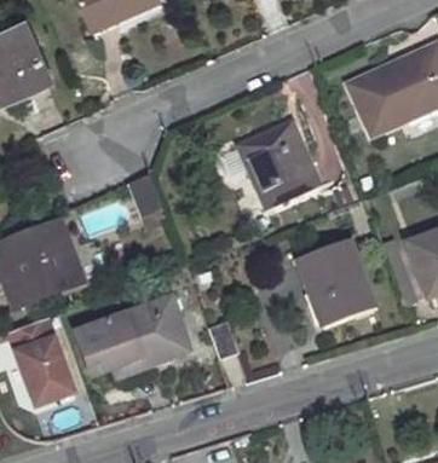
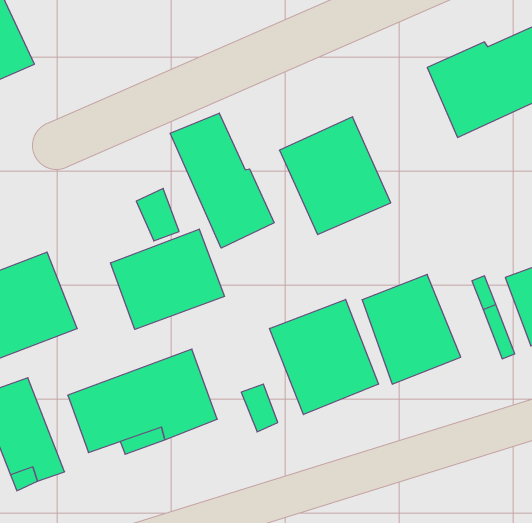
building: none -> [170,113,274,248]
building: none -> [111,229,225,329]
building: none -> [270,299,378,415]

